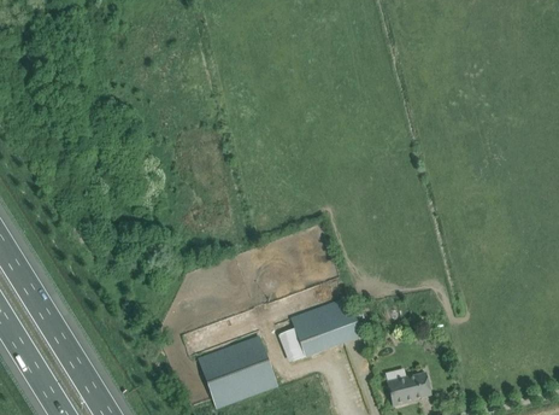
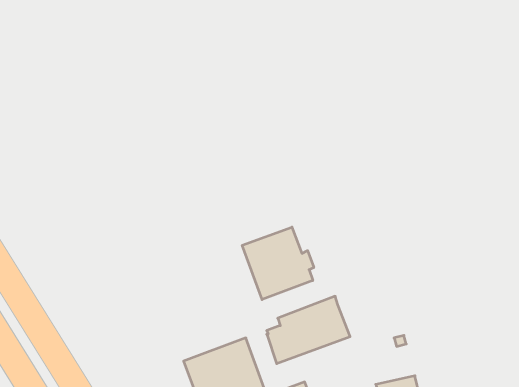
building: none -> [242,227,314,300]

